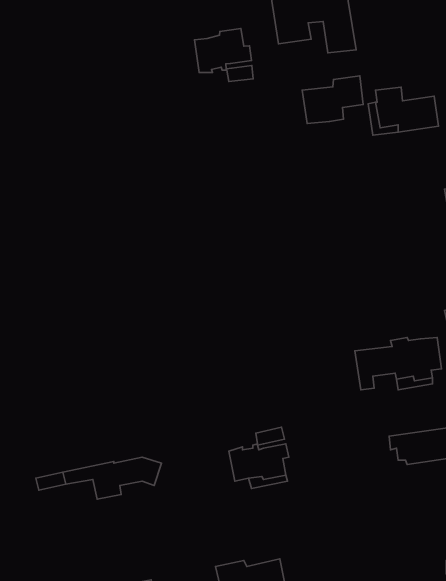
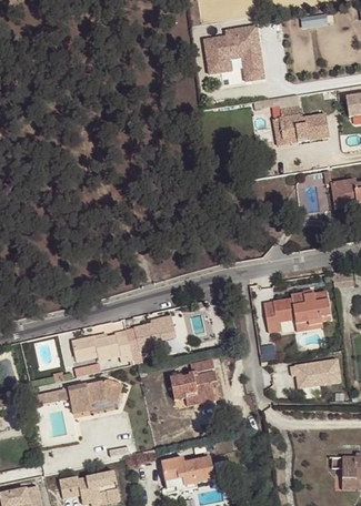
building: [194,28,253,81] -> none
building: [302,76,363,123] -> none
building: none -> [72,315,176,361]

